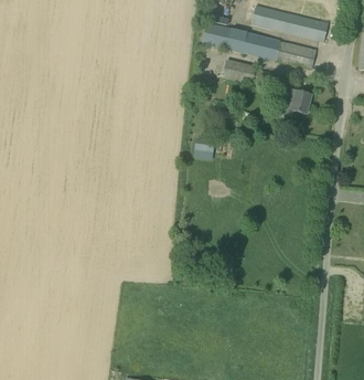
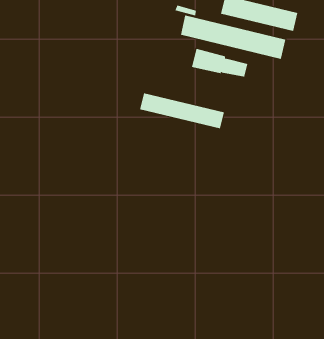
building: [281,87,311,113] -> none
building: none -> [140,92,225,129]

